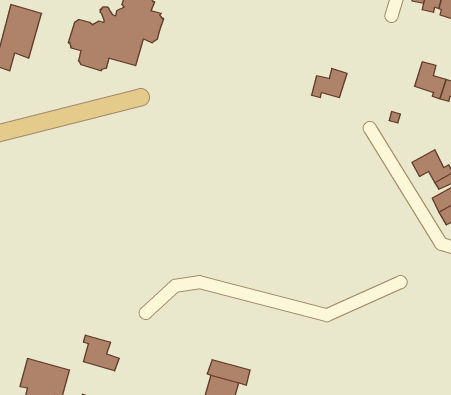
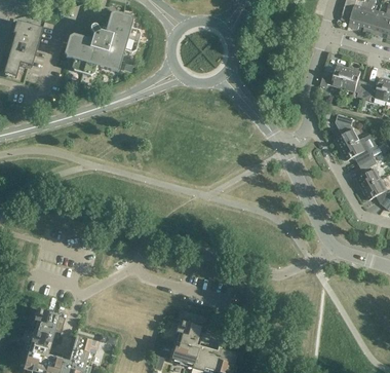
building: [311,68,347,98] -> [320,63,349,86]
building: none -> [335,113,359,148]
building: [83,335,119,371] -> none

